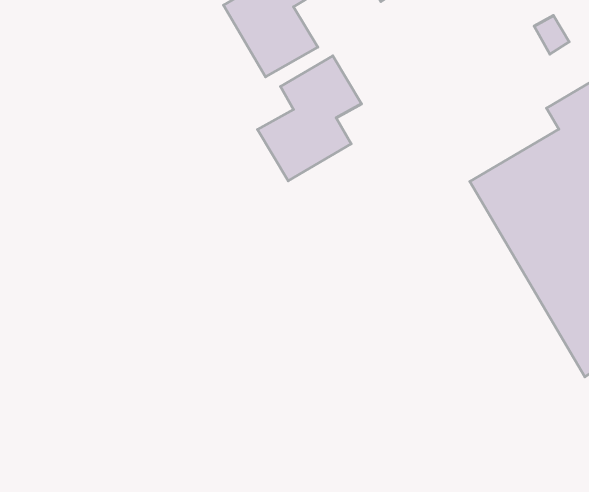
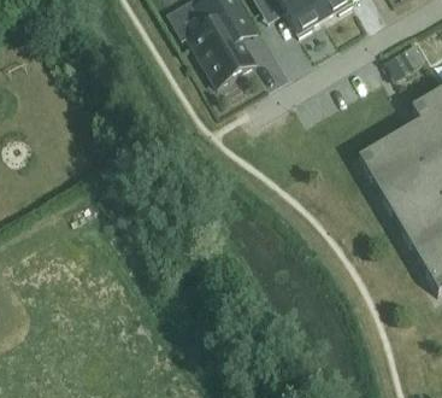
building: [257,56,362,181] -> none

